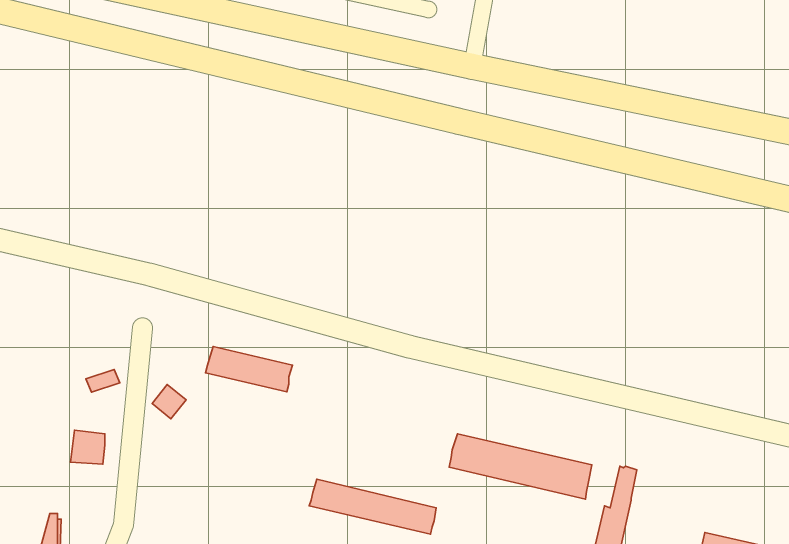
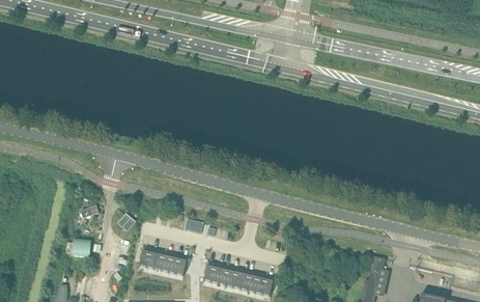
building: [206,346,293,392] -> [139,250,187,275]
building: [449,434,592,499] -> none

